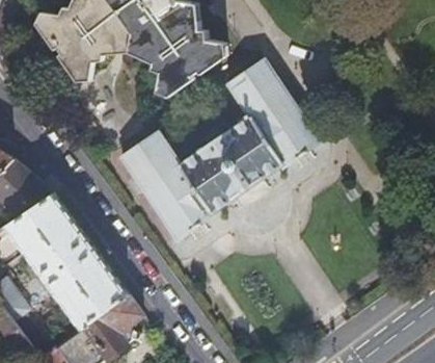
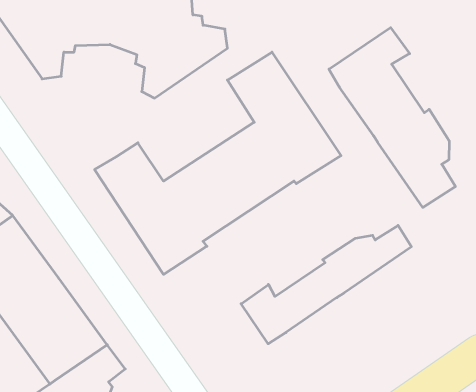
building: none -> [329,28,455,207]
building: none -> [241,225,411,344]

